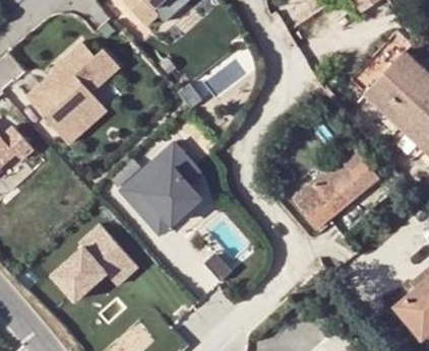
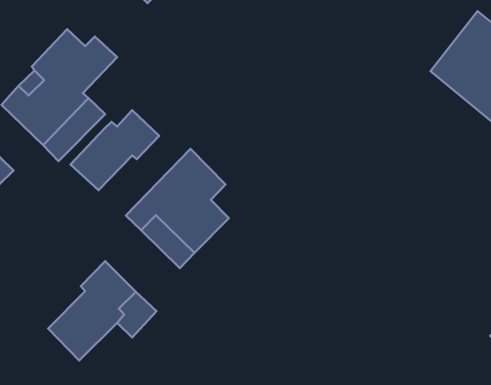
building: none -> [70,110,159,190]
building: [294,147,380,228] -> none

